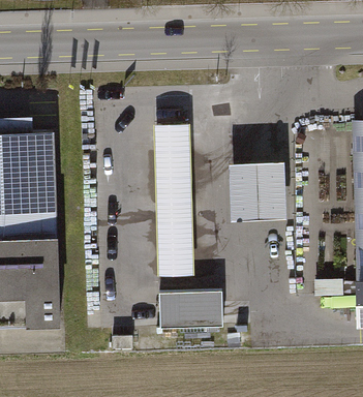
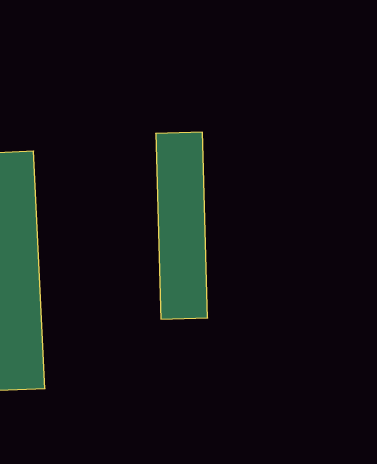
building: [231,156,290,215] -> none
building: [162,285,224,325] -> none

